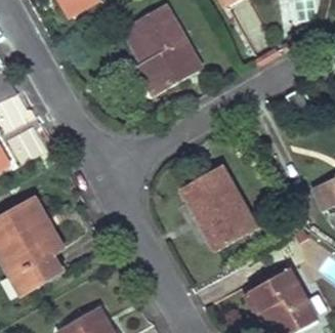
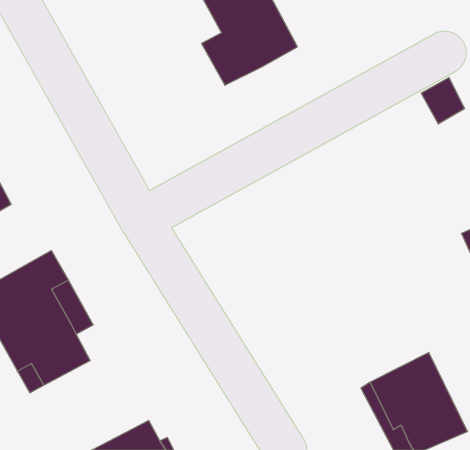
building: [178,164,254,249] -> none

